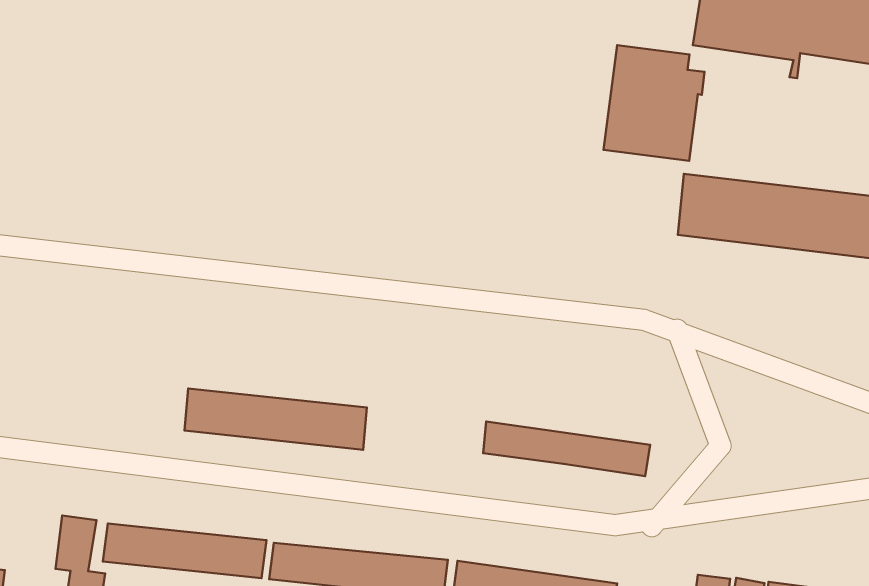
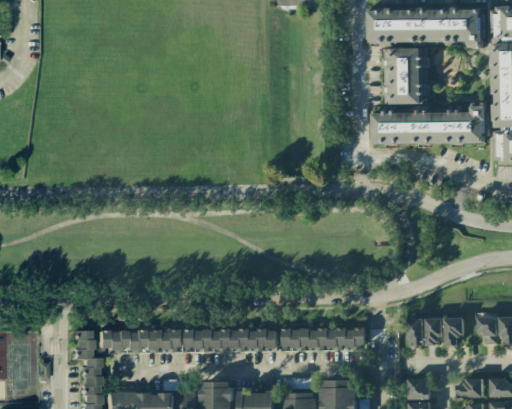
building: [603,45,705,161] -> [384,49,431,104]
building: [185,388,367,450] -> none
building: [483,422,650,476] -> none

